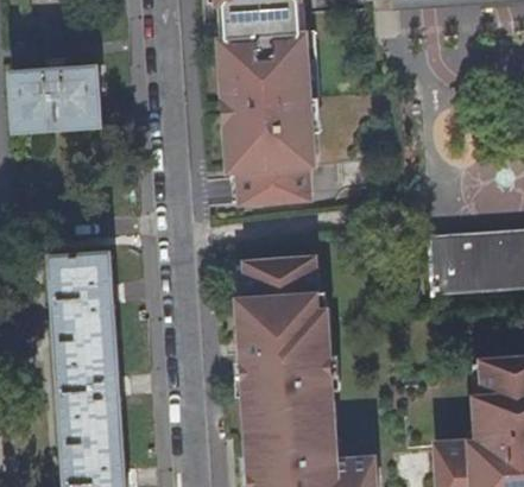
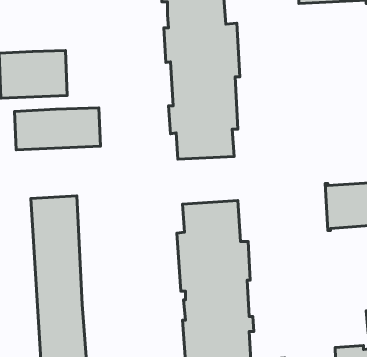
building: none -> [14,108,100,150]

